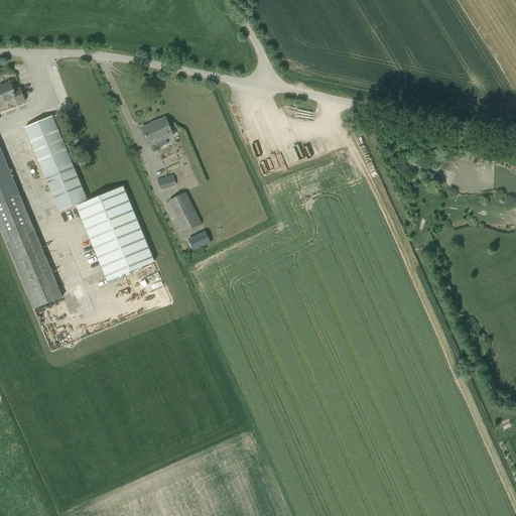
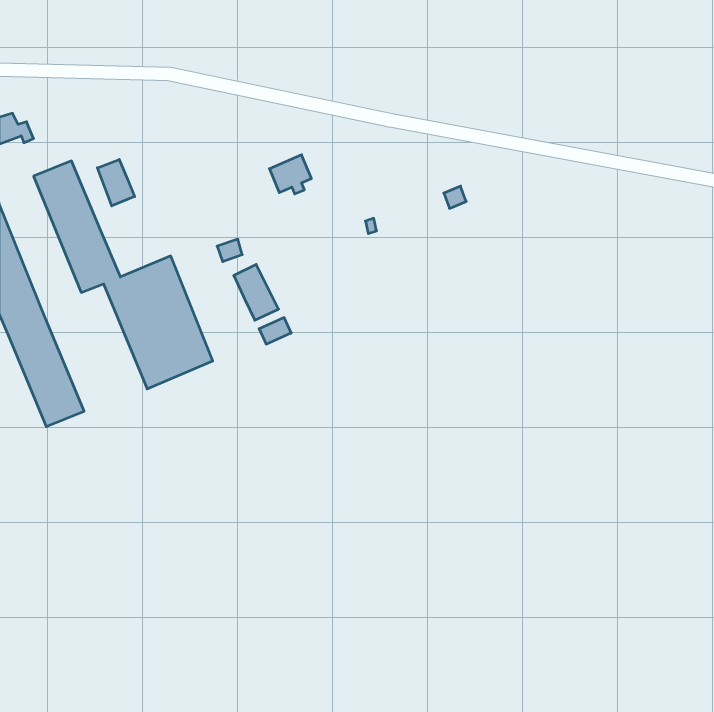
building: none -> [97,159,135,206]
building: [141,117,171,145] -> [269,155,311,194]

